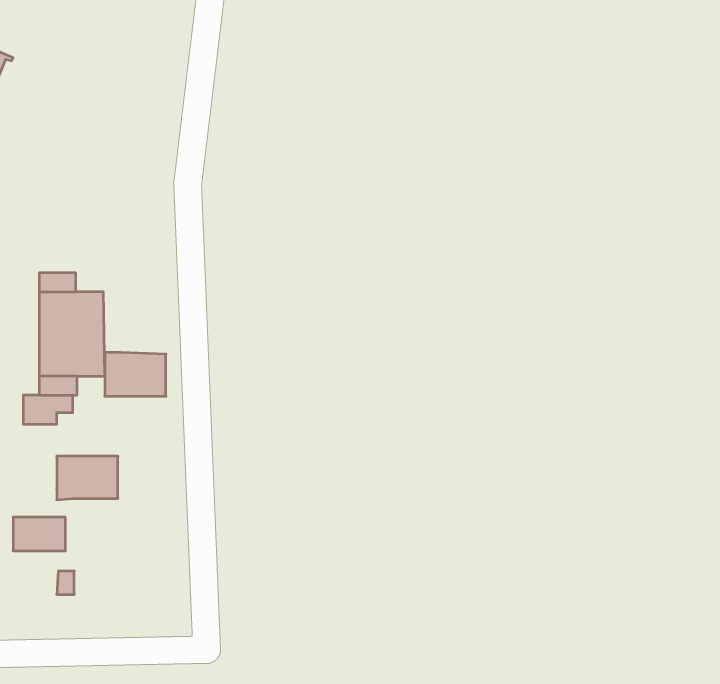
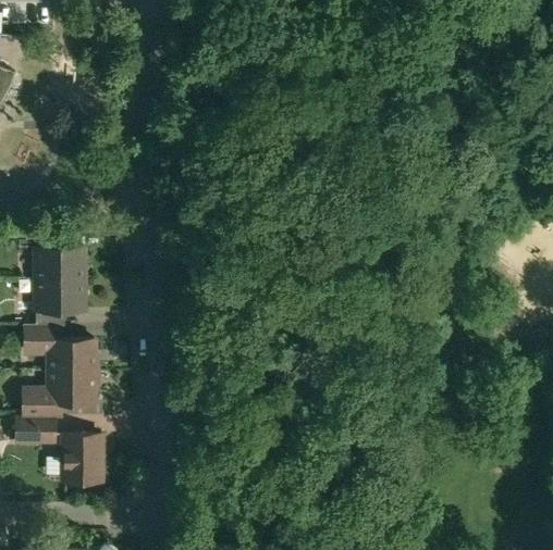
building: [105,353,166,396] -> [50,339,96,372]
building: none -> [24,396,62,417]
building: none -> [65,435,102,483]

